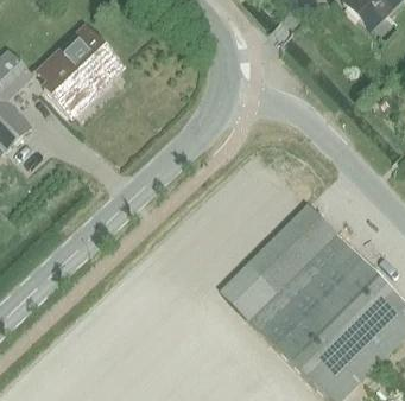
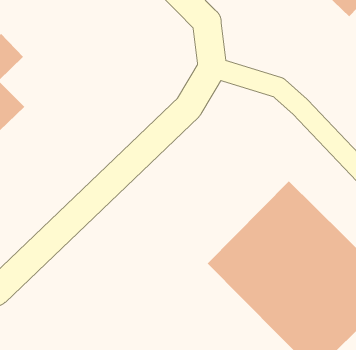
building: [39,25,125,117] -> none

